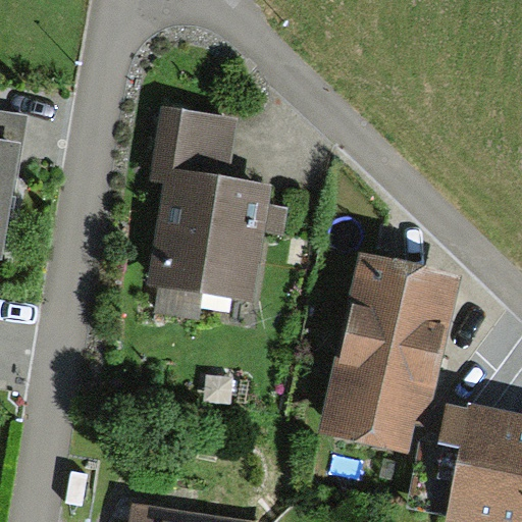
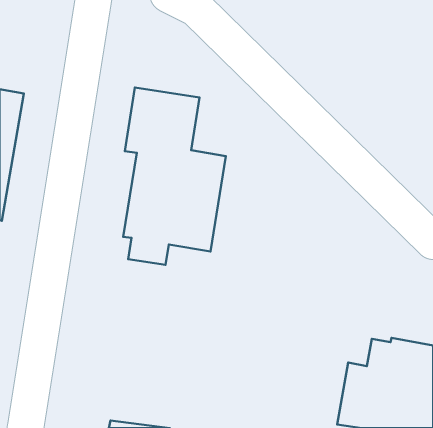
building: [317,253,463,458] -> none

